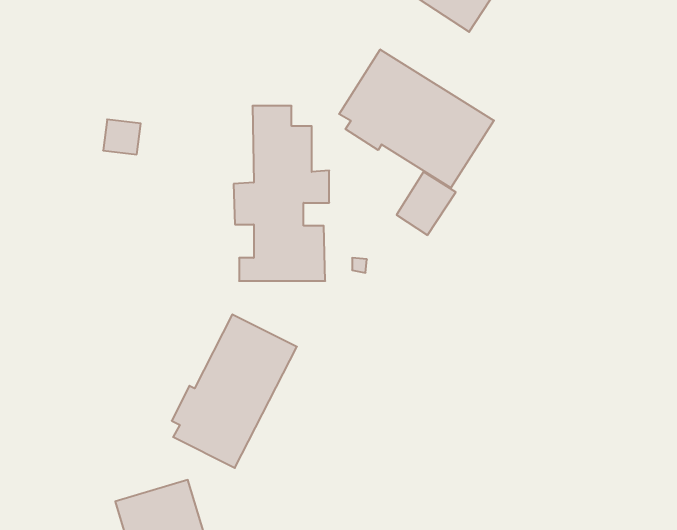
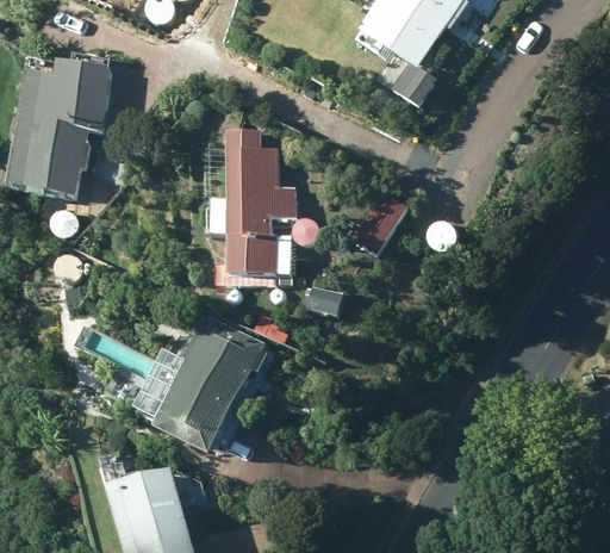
building: none -> [13,58,112,197]
building: [339,49,494,188] -> none

